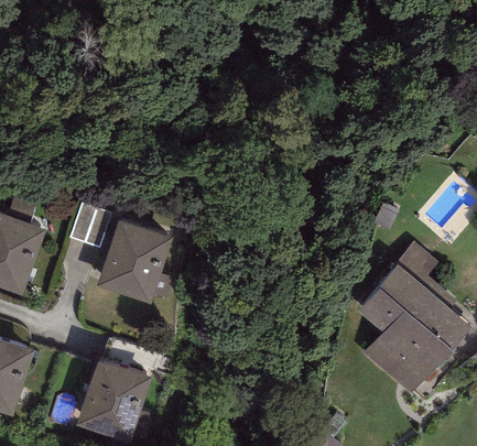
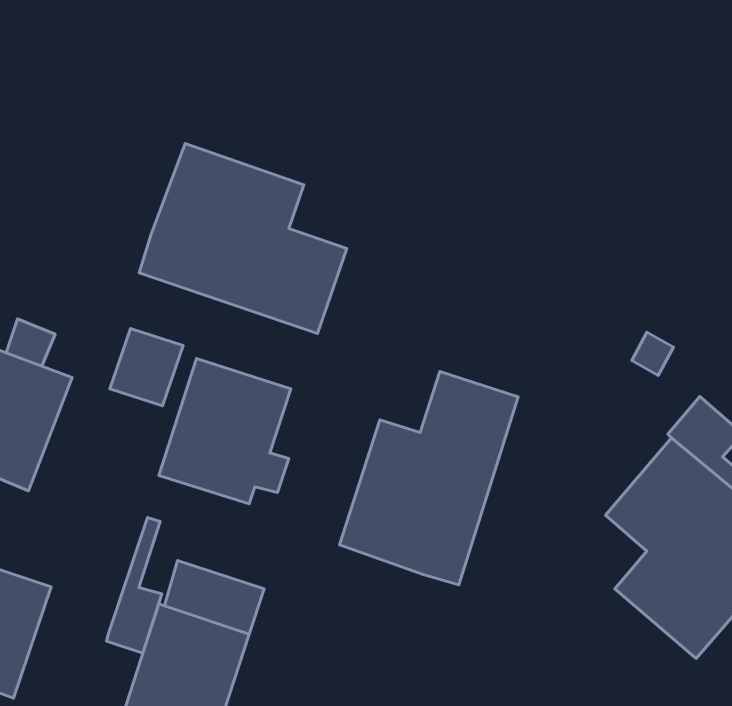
building: none -> [139,144,347,334]
building: none -> [339,372,518,585]
building: none -> [106,518,162,653]

